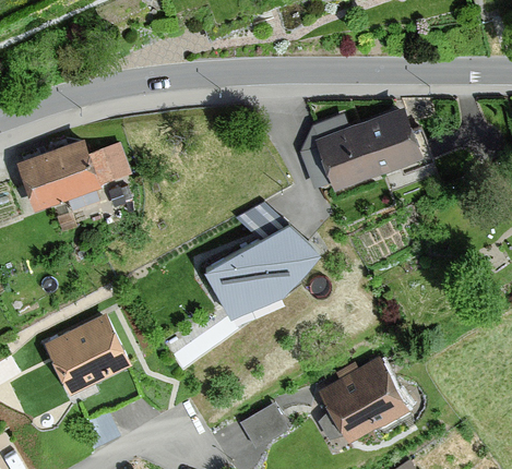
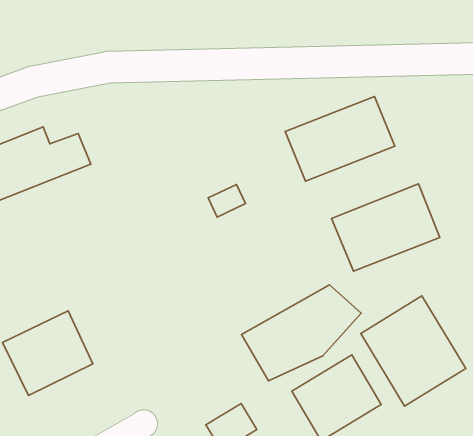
building: none -> [332,184,440,271]
building: [205,220,321,313] -> [241,285,361,381]
building: none -> [361,296,466,406]

